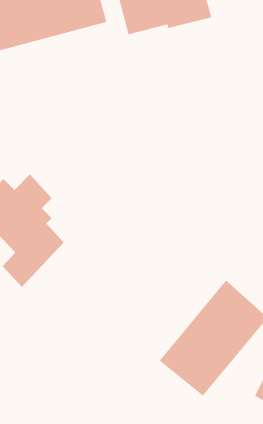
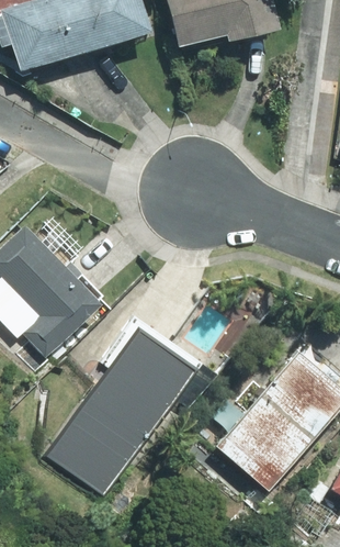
building: none -> [49,330,193,495]

